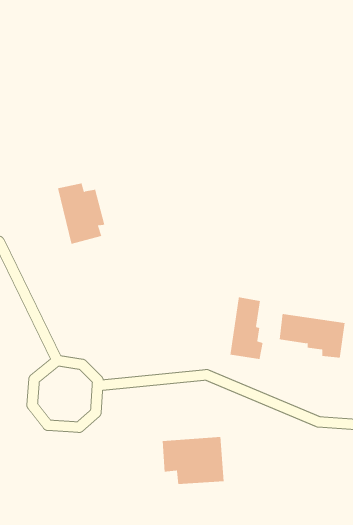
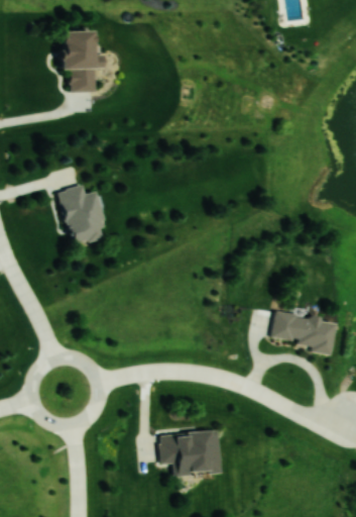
building: none -> [64,30,96,91]
building: [230,296,263,360] -> none

